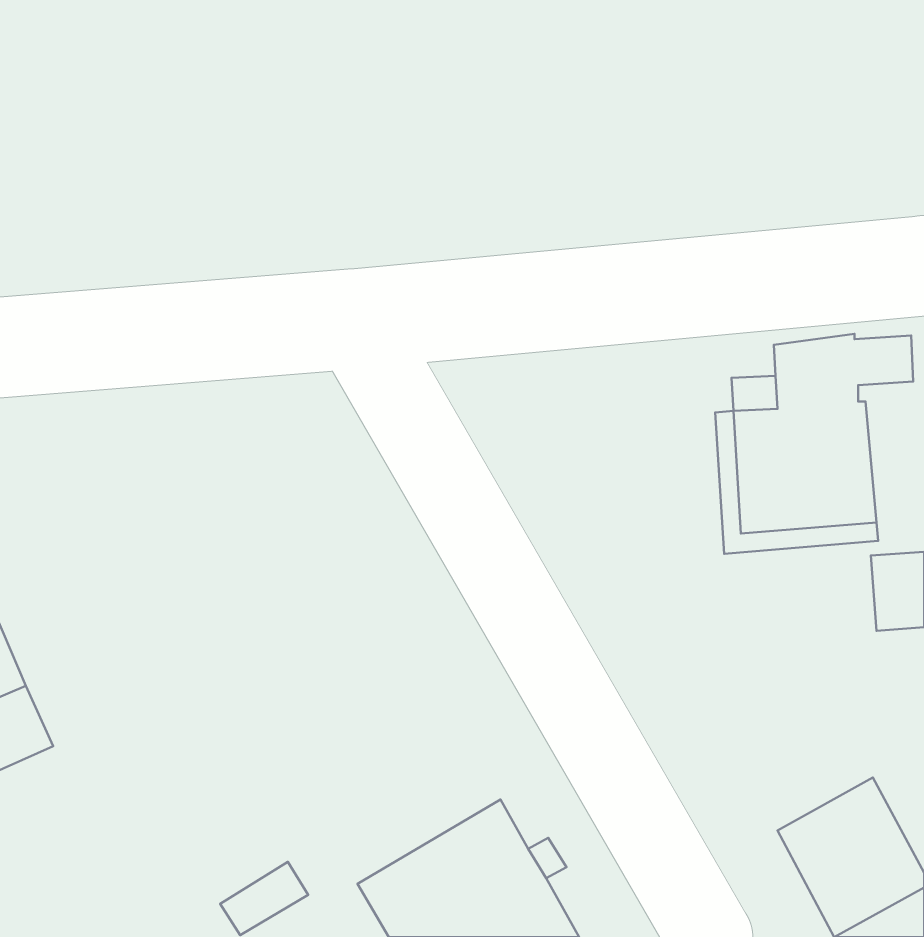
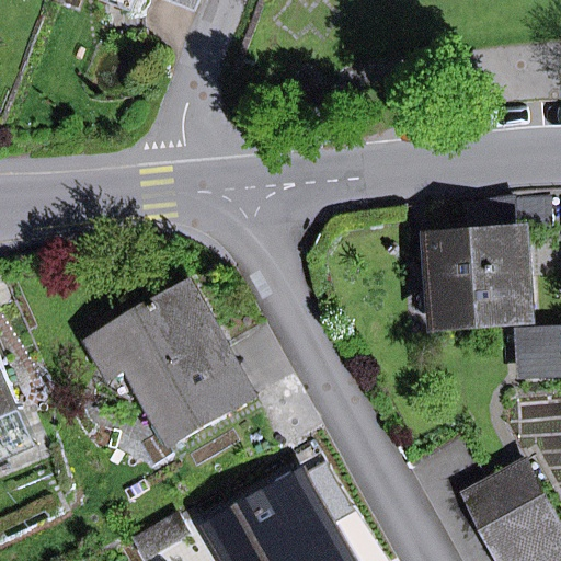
building: none -> [91,287,249,440]

